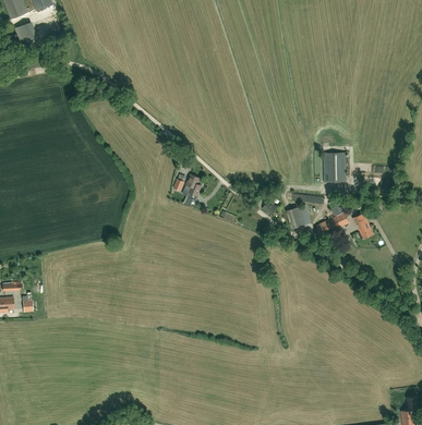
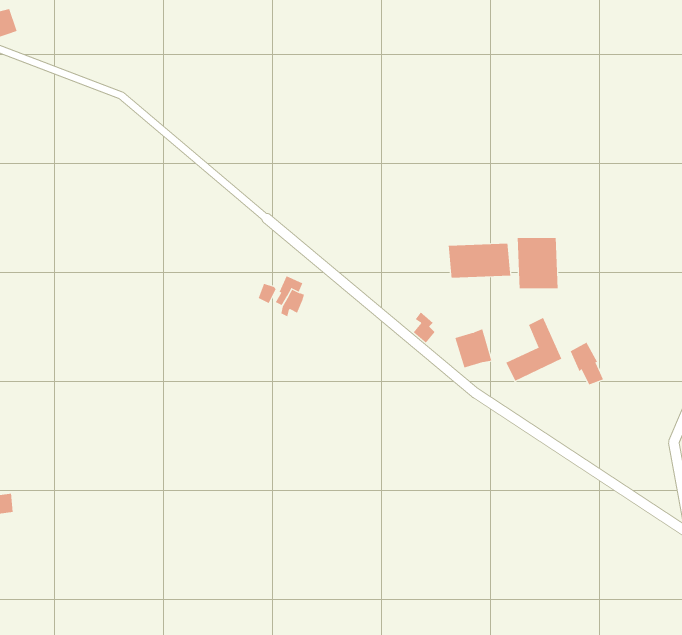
building: none -> [448,243,511,279]

